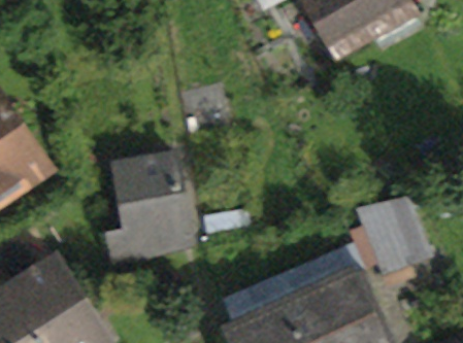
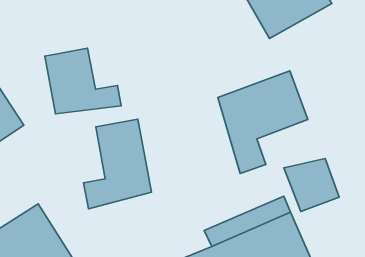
building: none -> [45,48,121,114]
building: none -> [218,71,308,174]

